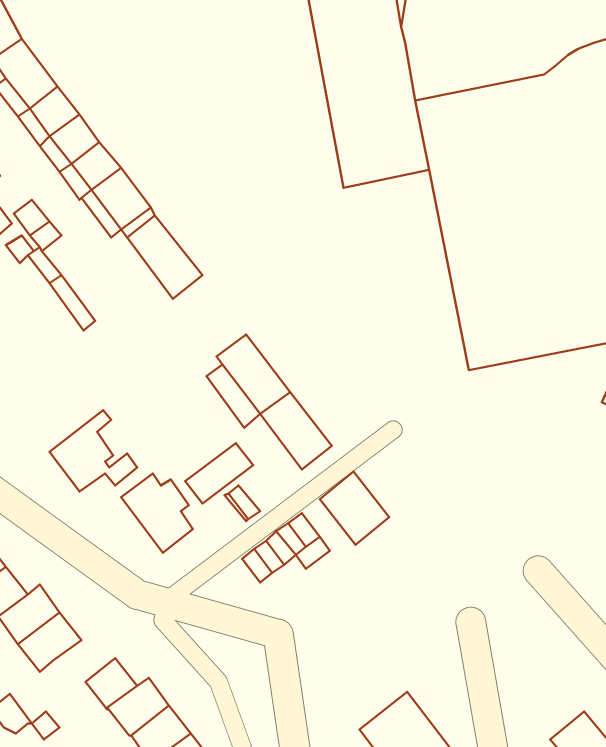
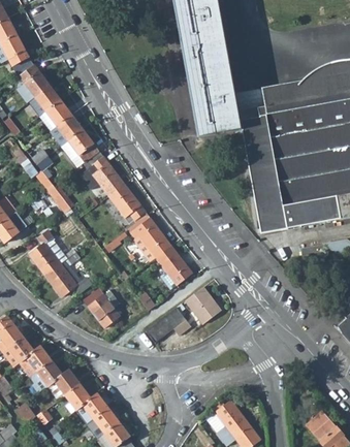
building: none -> [109,184,148,223]
building: none -> [29,230,73,276]
building: [185,443,253,503] -> none
building: none -> [47,369,79,398]

